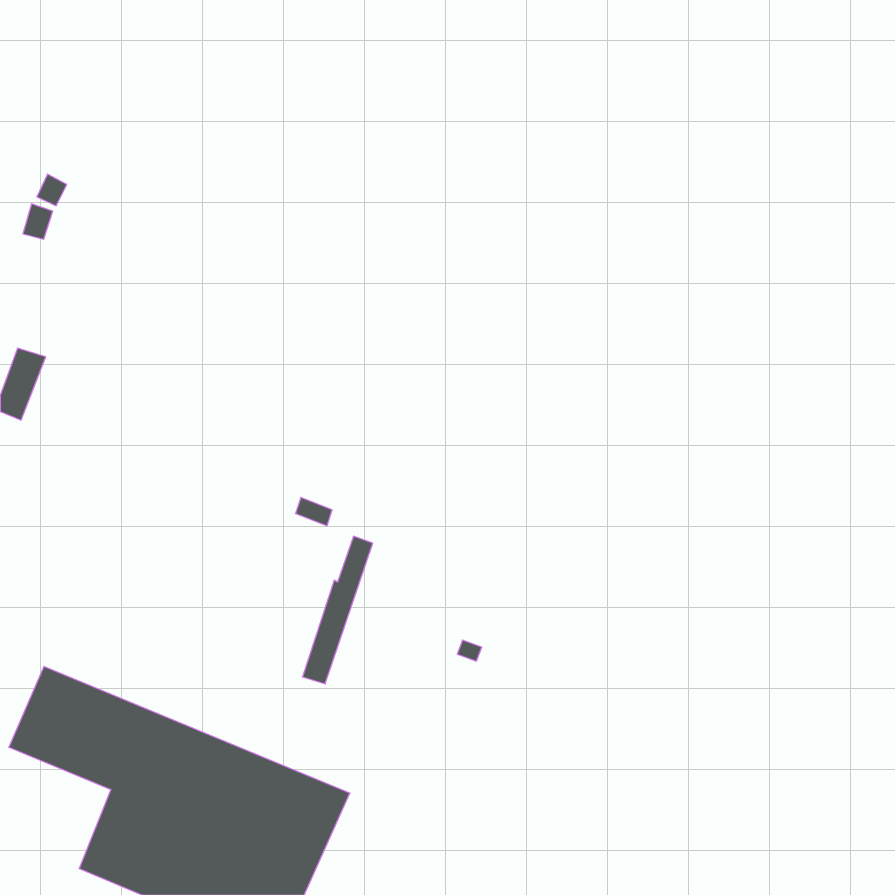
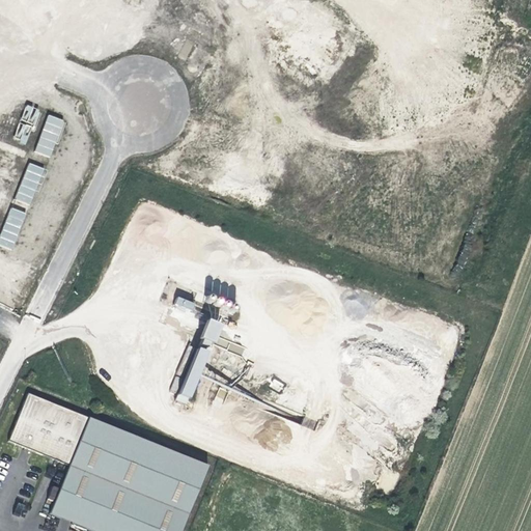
building: none -> [37,112,65,156]
building: none -> [17,160,47,204]

